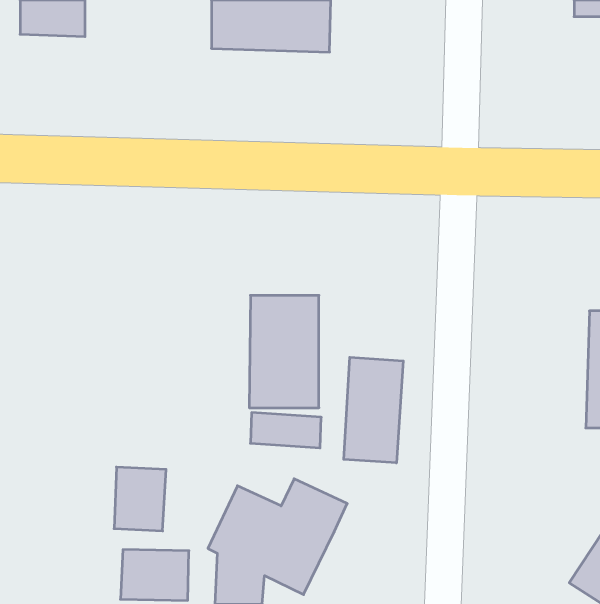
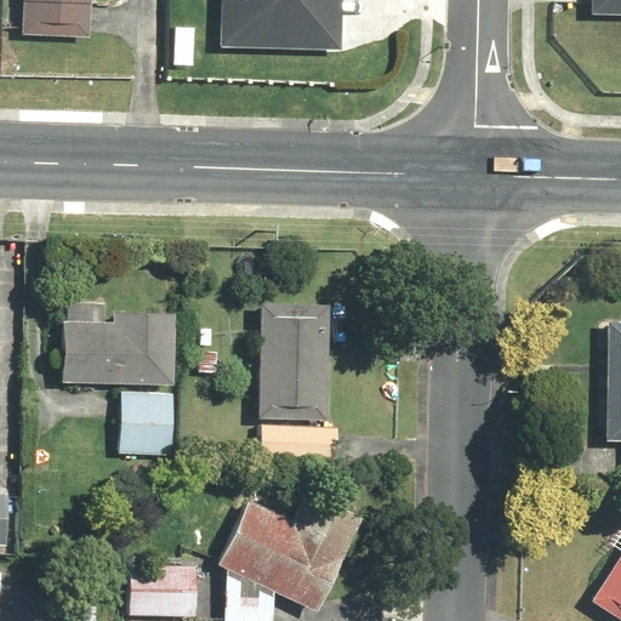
building: none -> [61,301,175,386]
building: [344,357,403,463] -> none
building: [114,467,166,531] -> [120,391,173,456]

